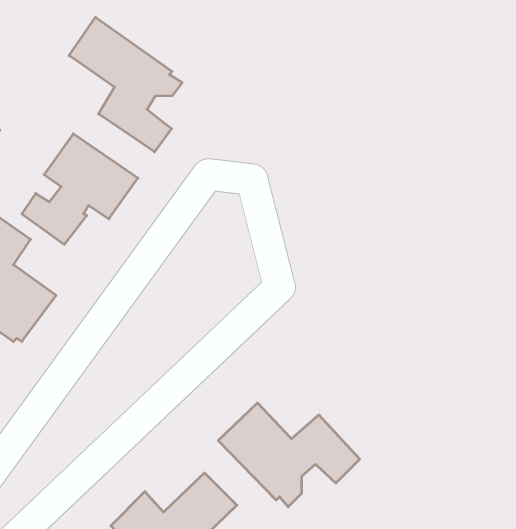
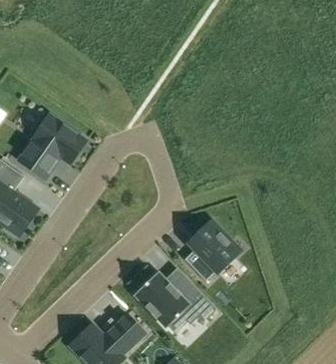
building: [69,17,182,152] -> none
building: none -> [184,219,238,281]

